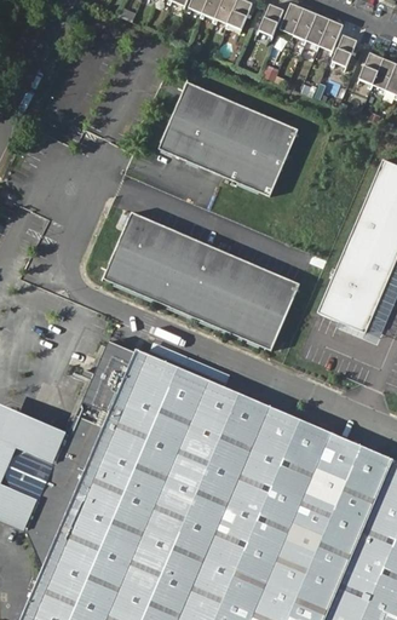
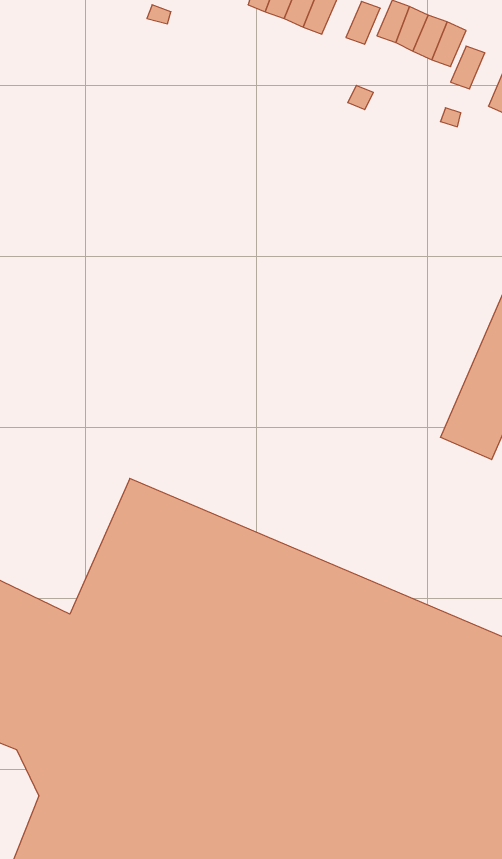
building: [161,81,300,195] -> none
building: [107,211,303,349] -> none

